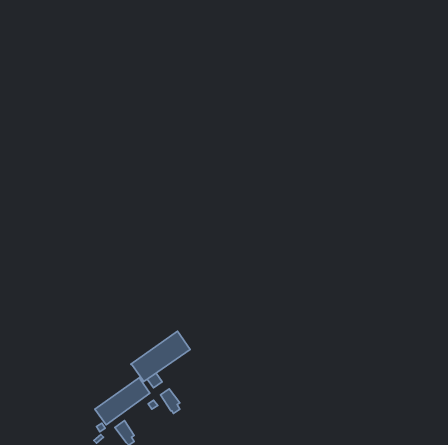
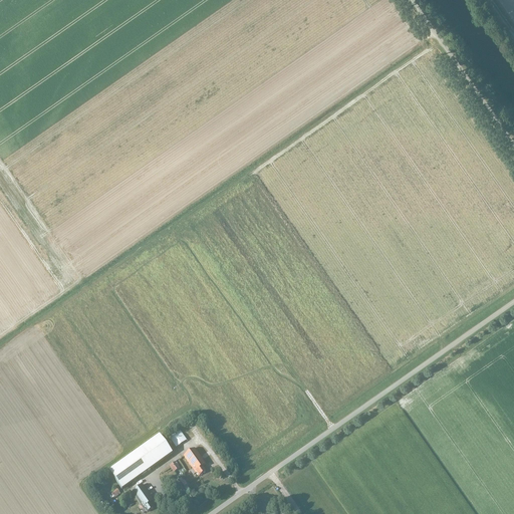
building: [131,331,190,381] -> none

